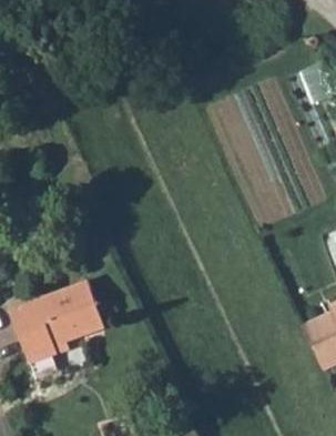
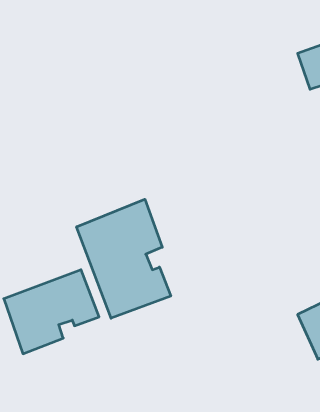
building: none -> [77,199,171,318]

